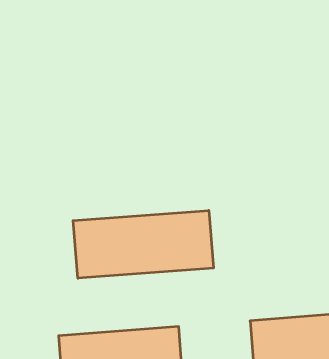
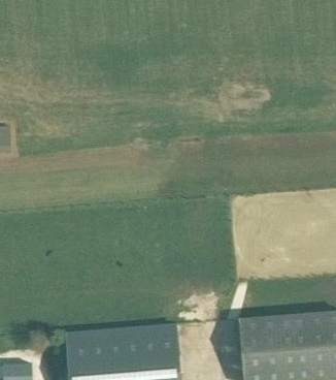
building: [73,210,213,278] -> none

